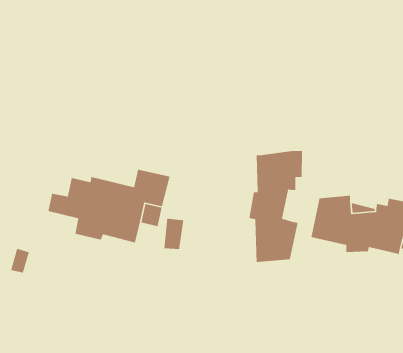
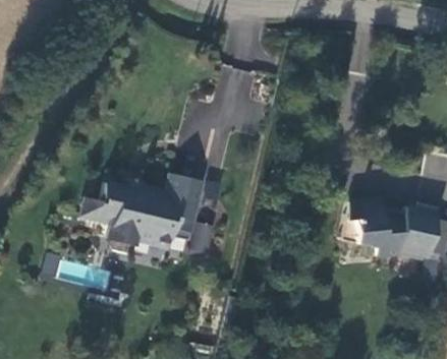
building: [248,150,303,263] -> none

